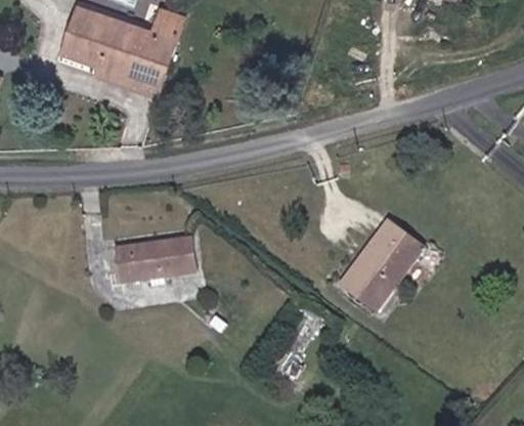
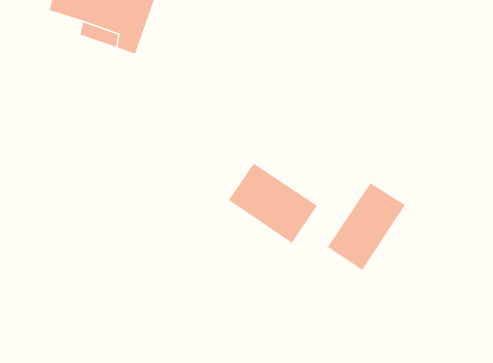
building: none -> [228,163,318,244]
building: [112,236,200,284] -> none

